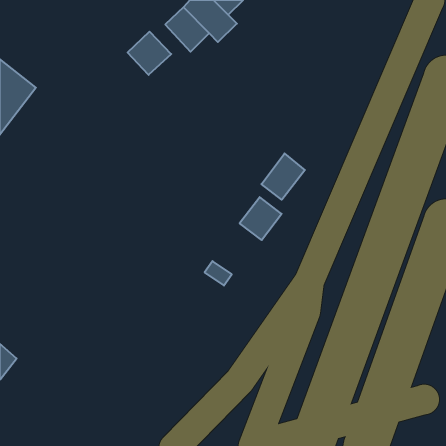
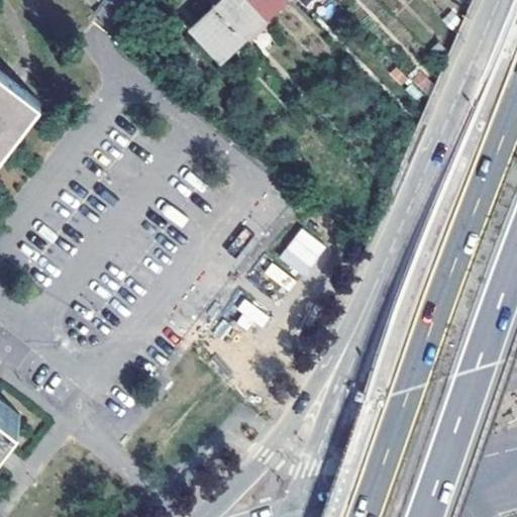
building: [128,32,171,75] -> none
building: [261,153,305,200] -> none

